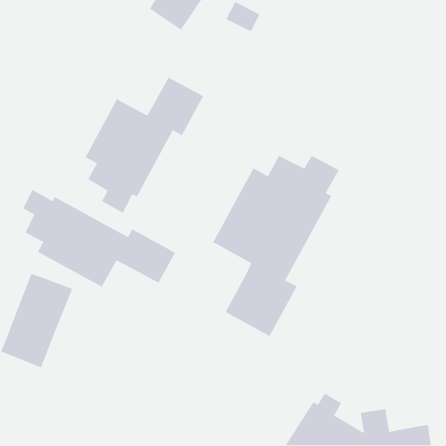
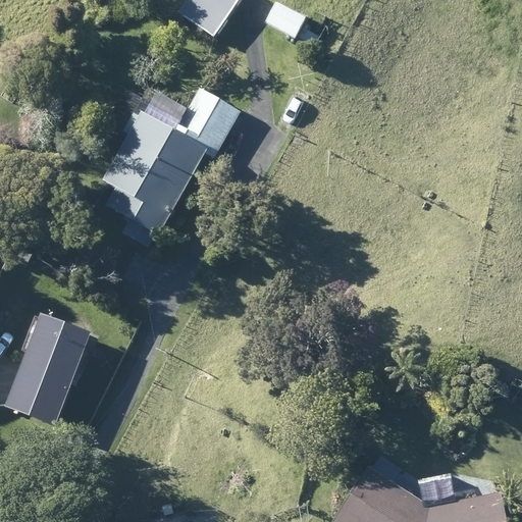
building: [212,155,340,337] -> none
building: [22,189,176,288] -> none

